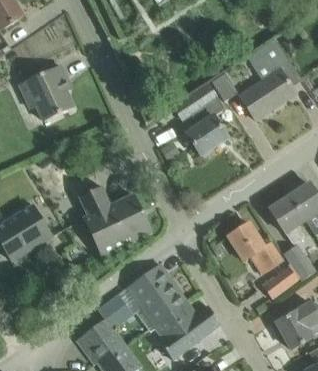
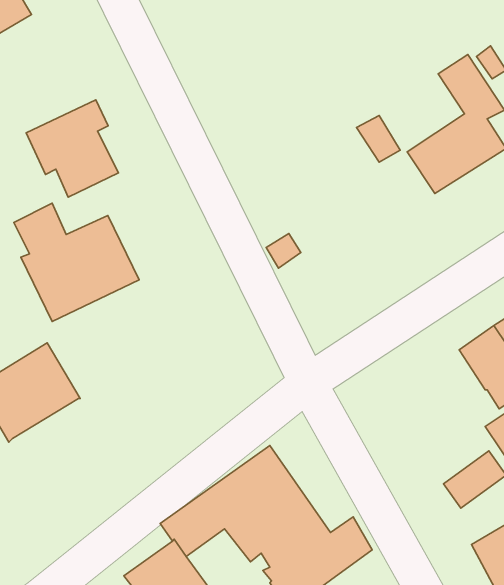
building: [174,84,228,155] -> none
building: [79,187,151,255] -> [14,203,139,321]
building: [227,221,281,273] -> none

